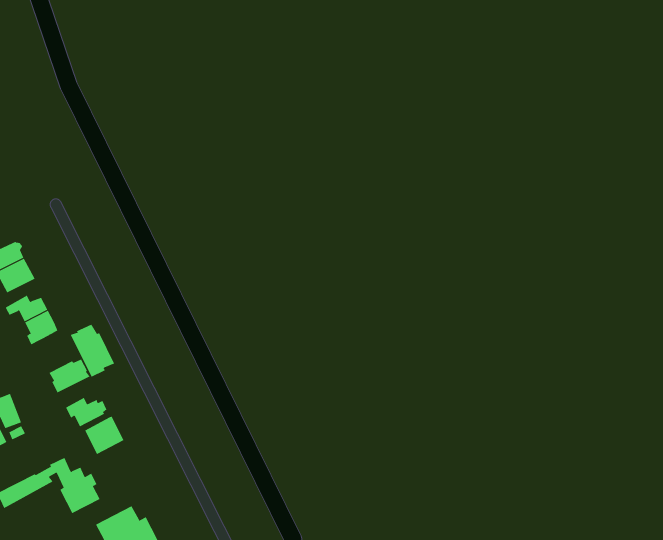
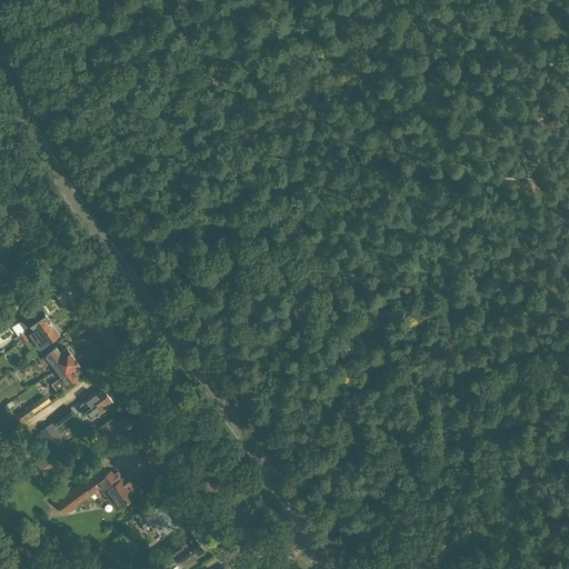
building: [70,324,115,378] -> none
building: [85,416,124,455] -> none

